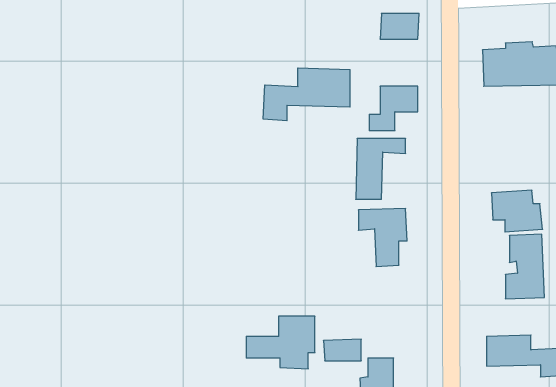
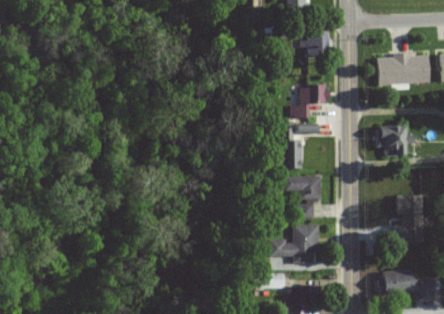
building: [263,68,350,121] -> none
building: [491,190,543,232] -> [375,124,413,155]
building: [246,316,315,369] -> [269,224,320,263]

